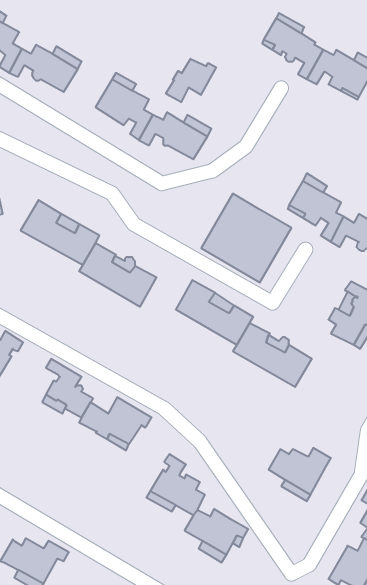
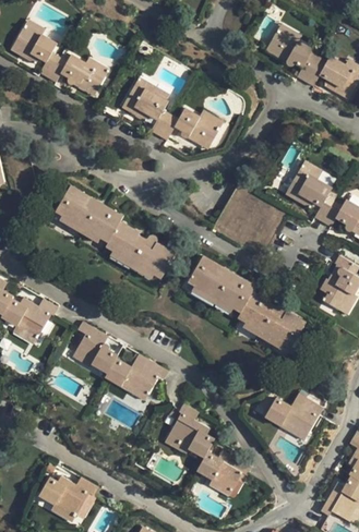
building: [166,59,216,102] -> none

